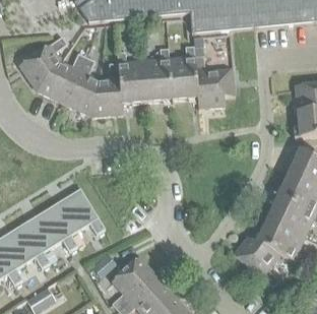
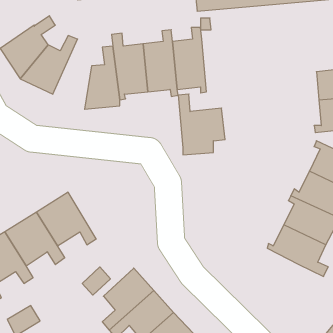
building: [195,55,236,108] -> [178,94,225,155]
building: [66,56,100,117] -> none
building: [233,235,279,285] -> none

